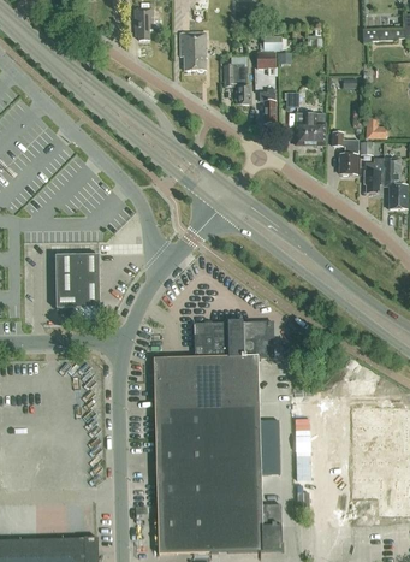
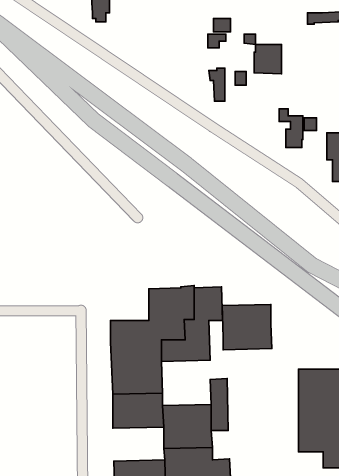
building: [180,31,207,71] -> none
building: [225,64,250,103] -> none
building: [296,113,325,144] -> [254,44,281,74]
building: [366,156,382,193] -> none
building: [54,250,100,323] -> none
building: [208,398,261,446] -> [222,304,272,350]
building: [156,469,212,505] -> none

